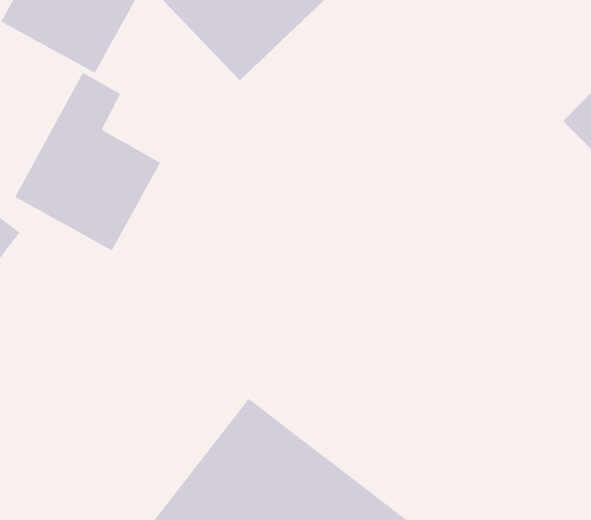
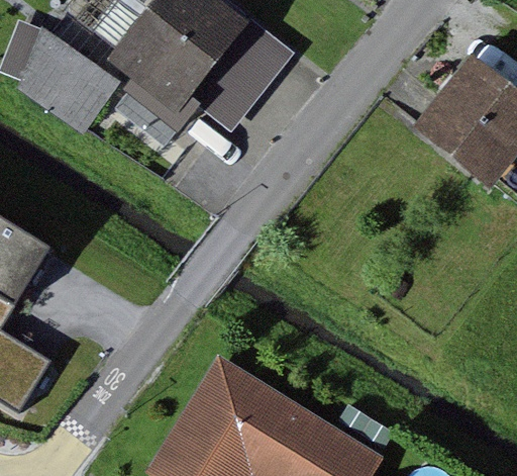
building: [14,72,161,252] -> none

